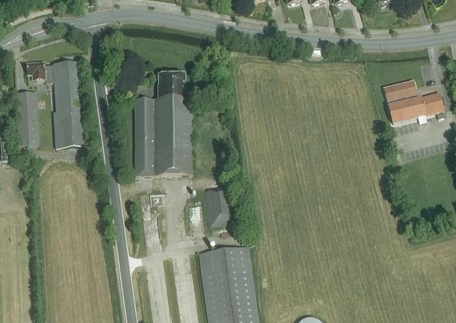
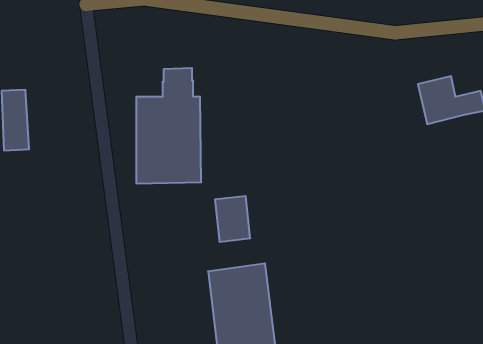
building: [25,61,85,149] -> none

